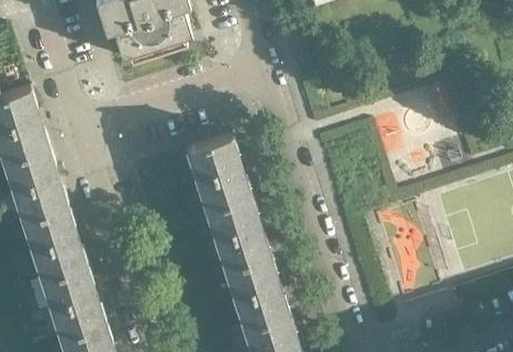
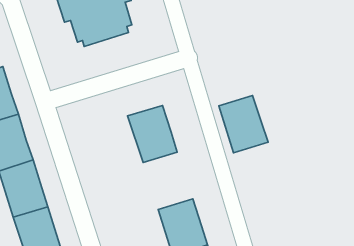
building: [207,200,269,272] -> [219,96,268,153]

